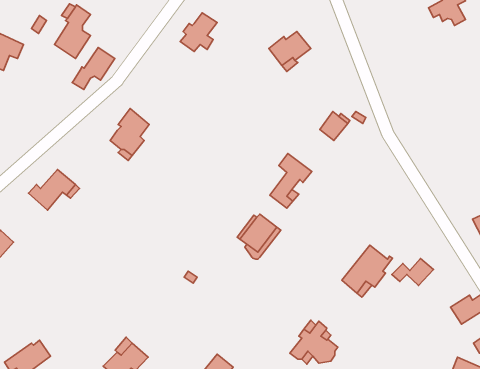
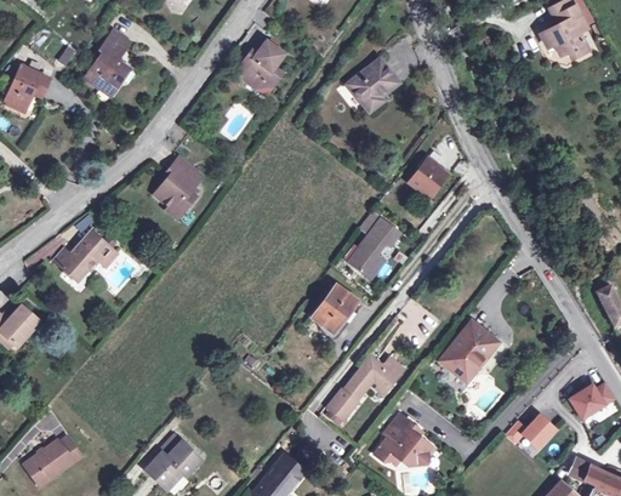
building: [72,48,115,89] -> none
building: [392,259,434,285] -> [505,415,556,447]
building: none -> [327,358,404,420]

